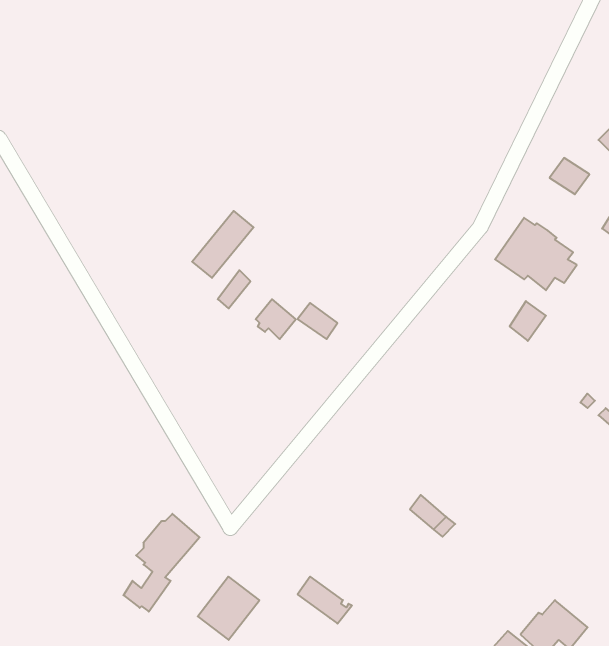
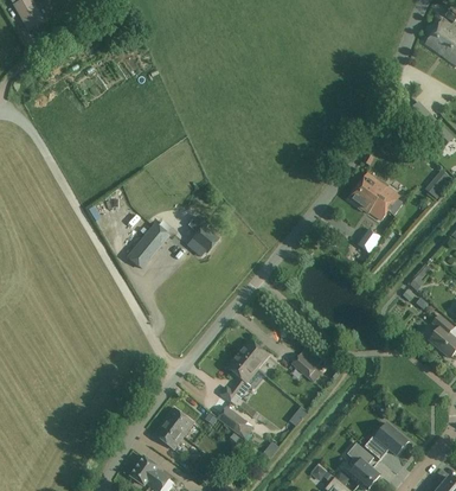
building: [192,211,254,278] -> [127,223,167,267]
building: [123,514,200,612] -> [219,340,269,404]

